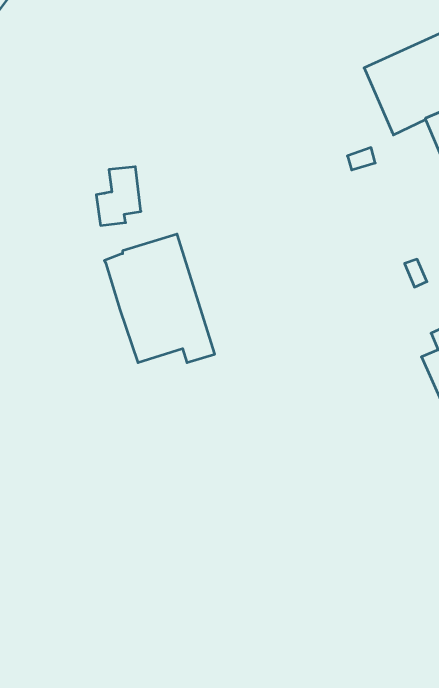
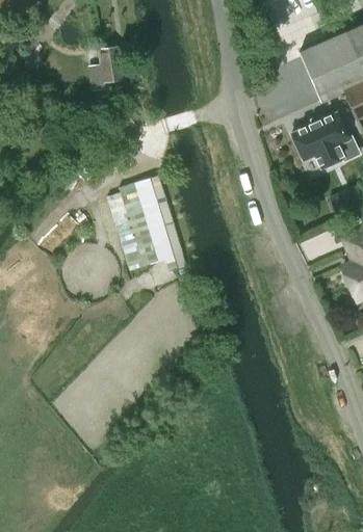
building: none -> [292,112,349,168]
building: [96,167,141,225] -> [89,46,123,89]

